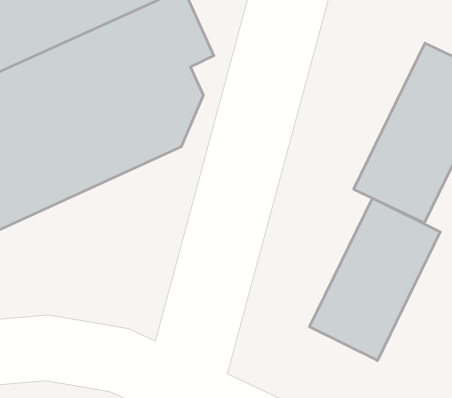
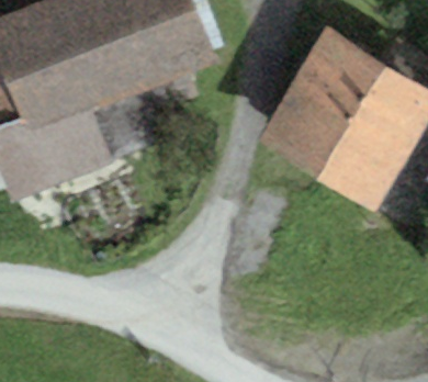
building: none -> [261,29,386,178]
building: [310,198,440,361] -> none

